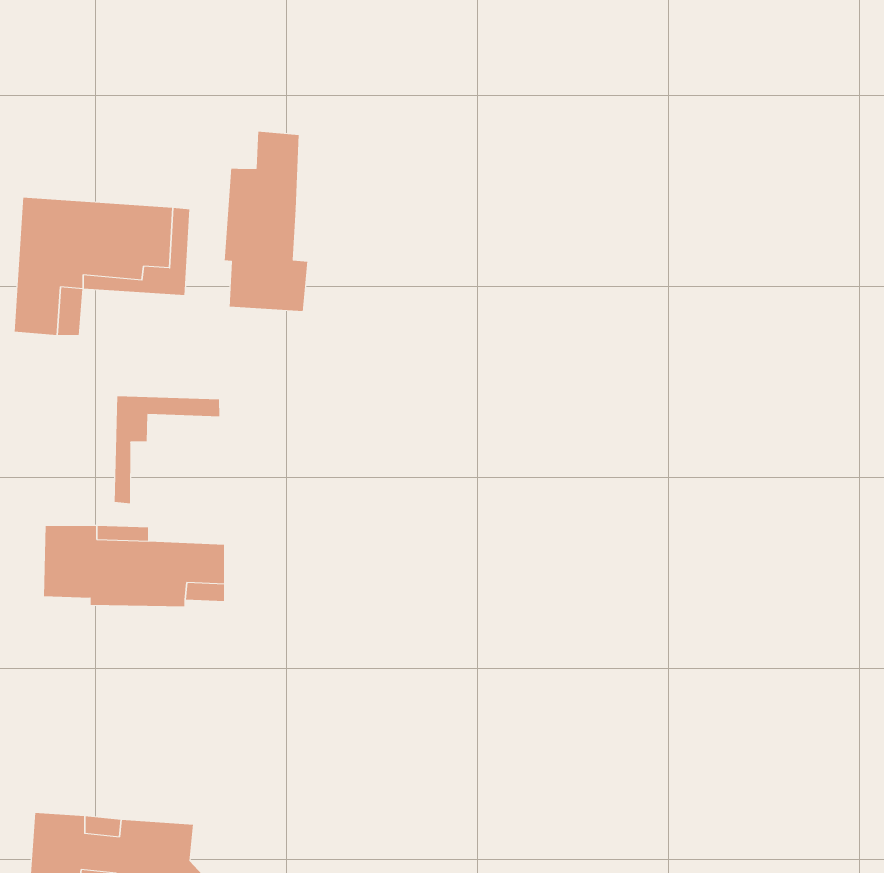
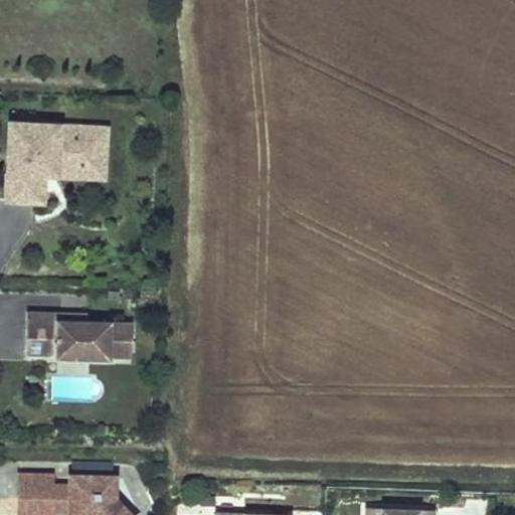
building: [224,131,308,312] -> none
building: [114,396,220,504] -> none

